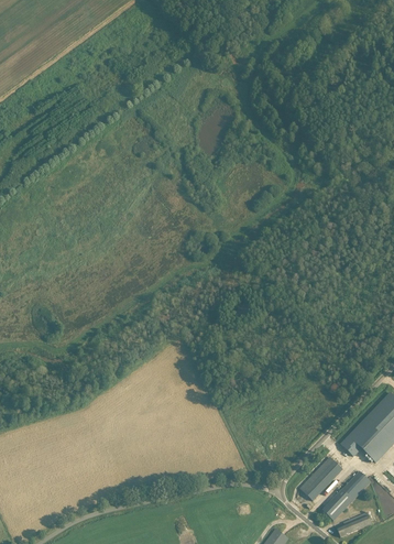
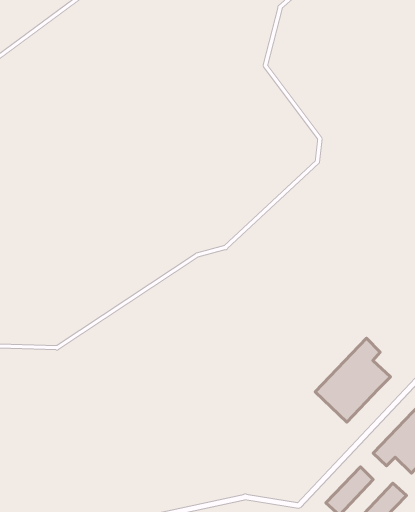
building: none -> [315,338,391,422]

